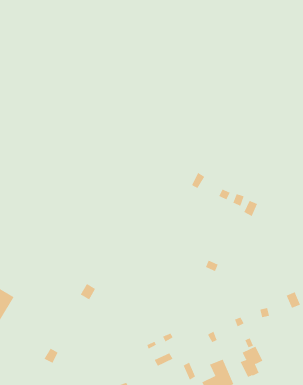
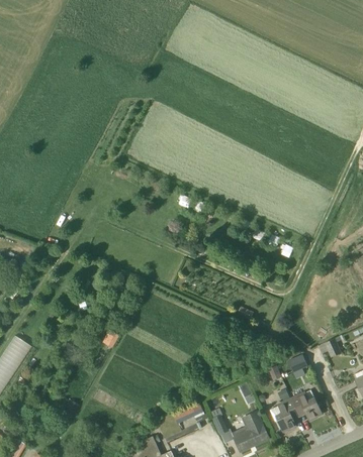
building: none -> [291,390,321,422]

